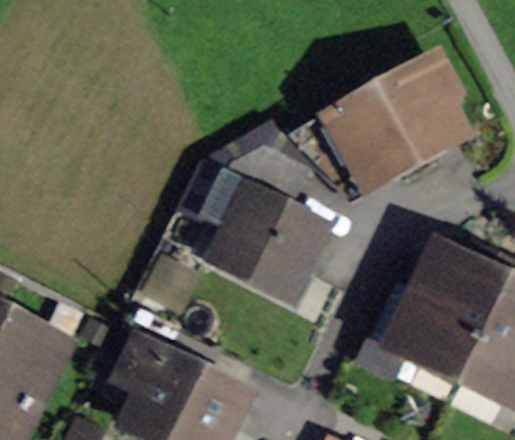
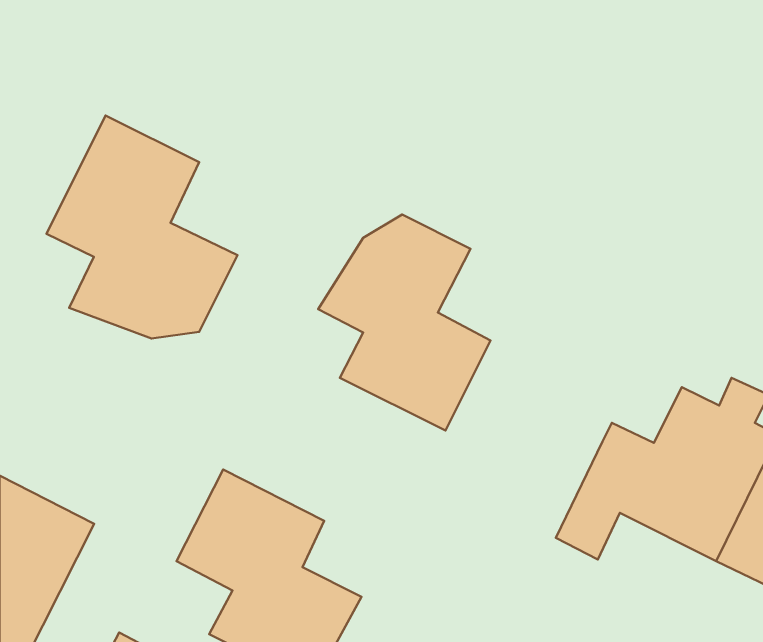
building: [287,74,456,193] -> none
building: none -> [46,115,237,339]

